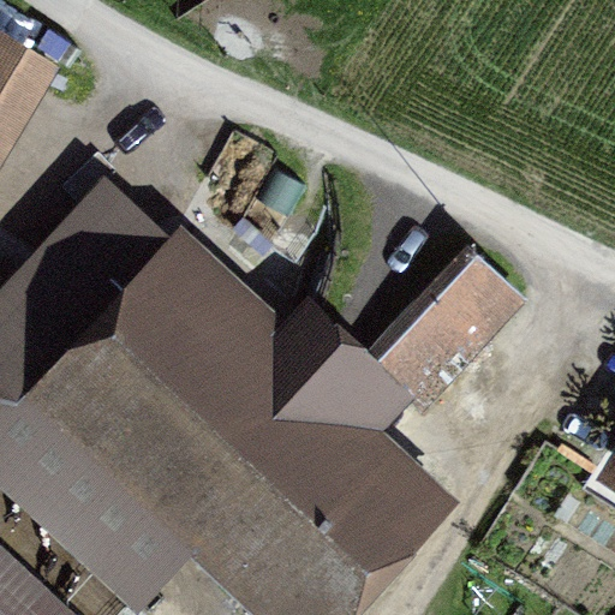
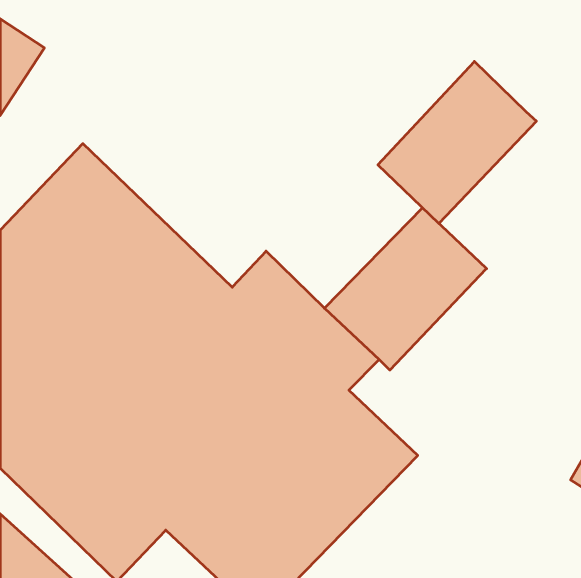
building: none -> [378,61,536,224]

